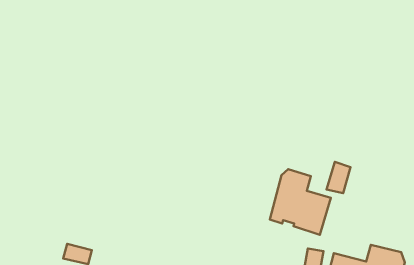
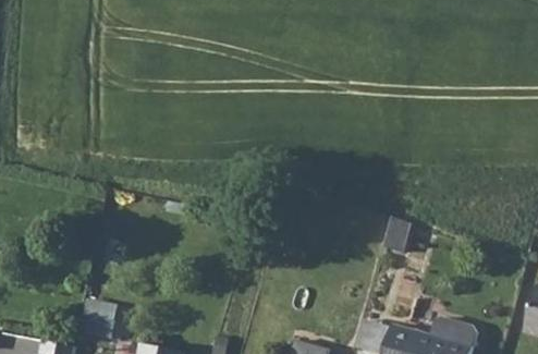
building: [270,169,331,235] -> none

